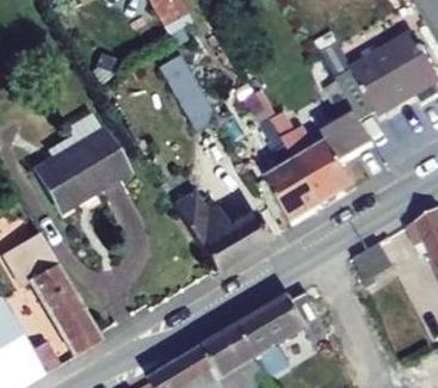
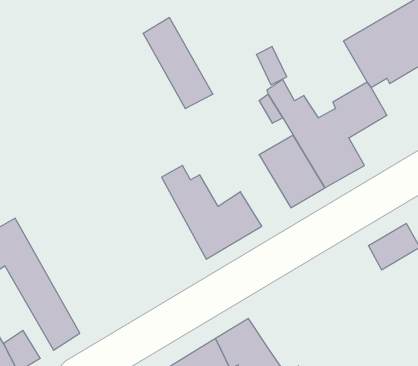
building: [33,107,127,208] -> none
building: [245,291,339,355] -> none

